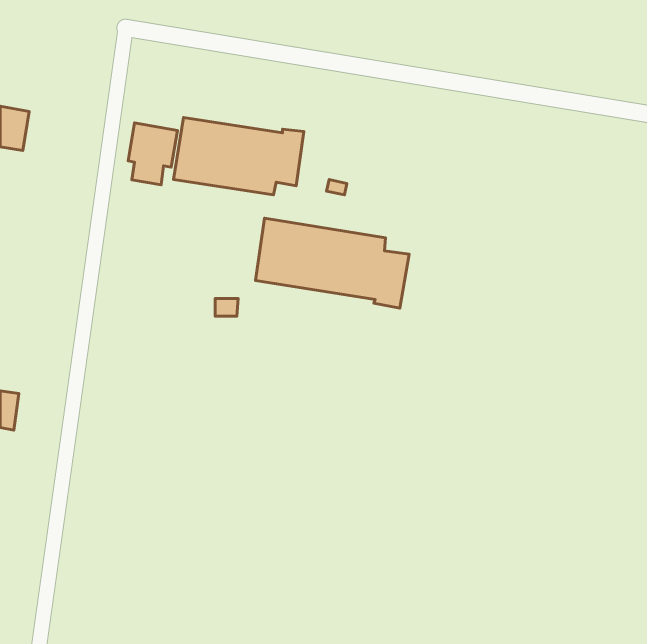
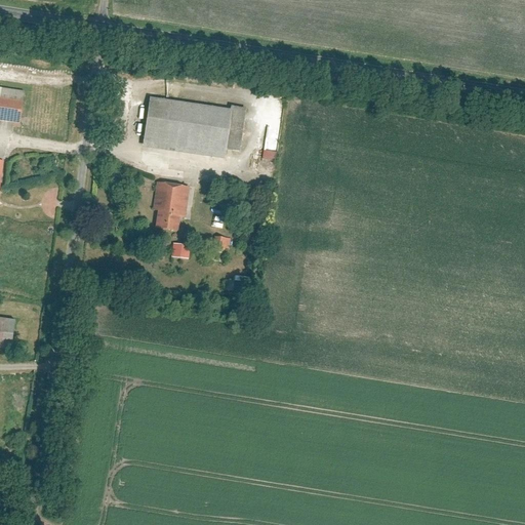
building: [128,123,178,185] -> [149,179,189,230]
building: [256,218,409,308] -> none

